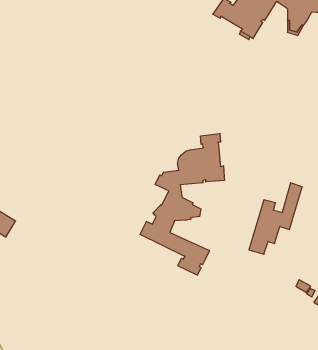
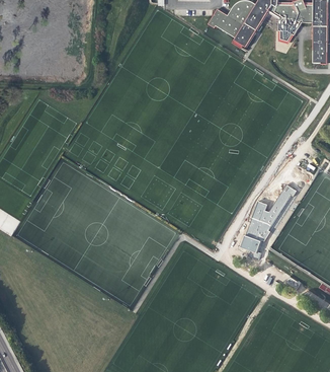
building: [140,133,225,275] -> none

